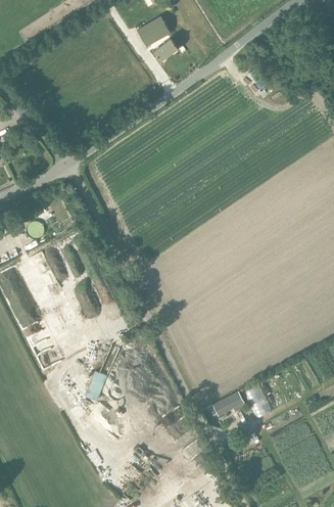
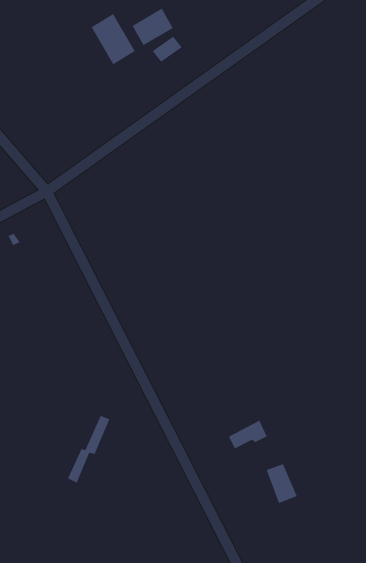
building: none -> [91,13,136,65]
building: [211,393,243,416] -> [228,420,267,449]

